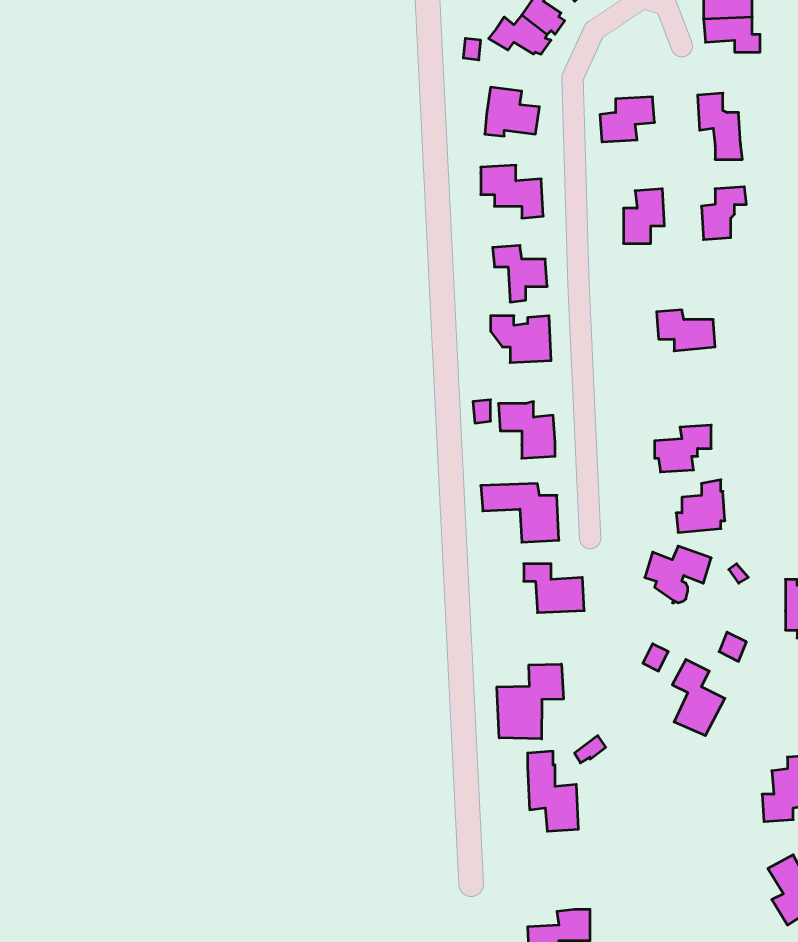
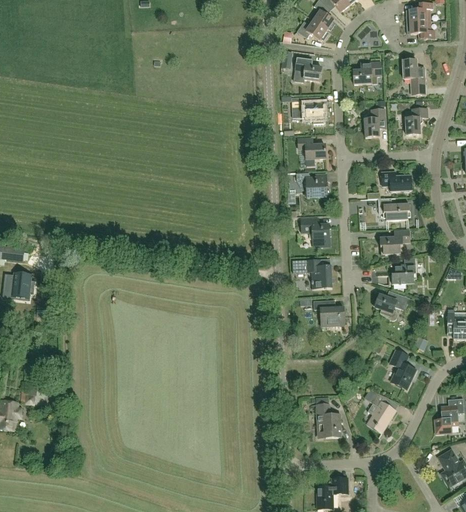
building: none -> [378,197,410,220]
building: [497,664,563,739] -> none
building: none -> [364,388,396,432]

